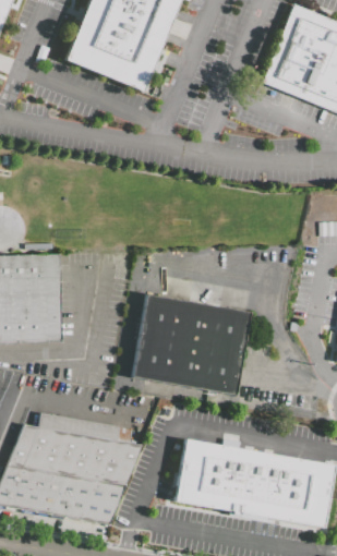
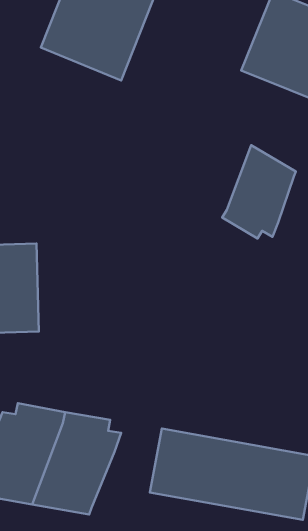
building: none -> [222,145,296,238]
building: [131,294,251,396] -> none

